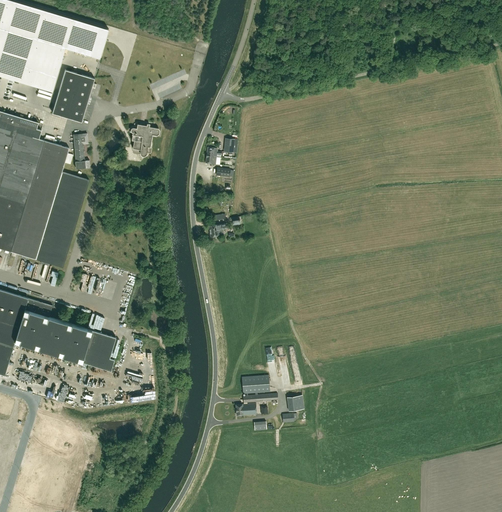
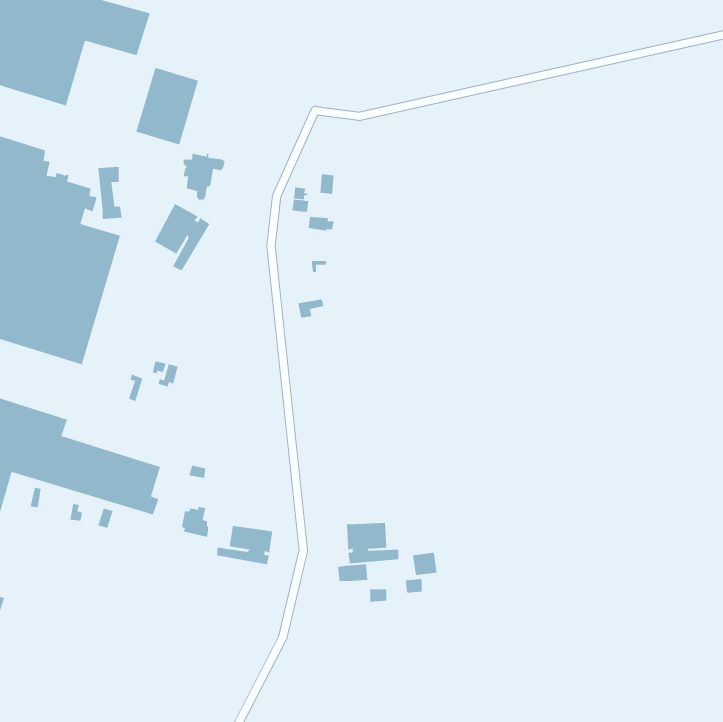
building: [50,69,93,122] -> [136,67,199,145]
building: none -> [154,203,210,271]
building: none -> [216,525,273,565]

